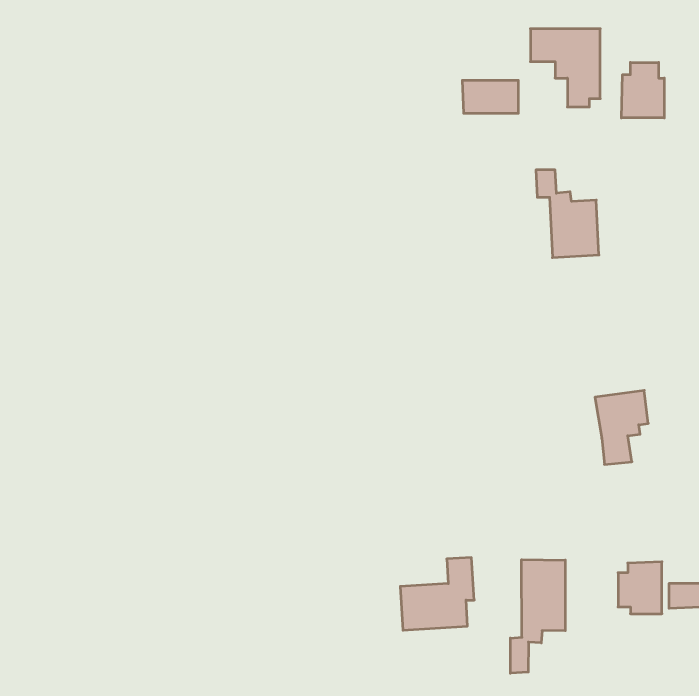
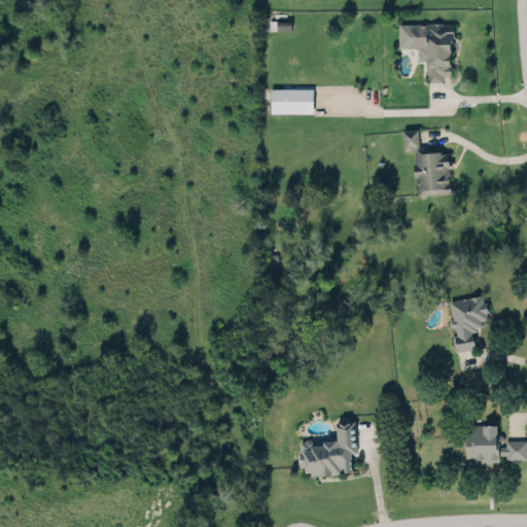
building: [621,62,664,118] -> none
building: [462,80,518,113] -> [271,90,313,114]
building: [510,560,565,673] -> none

